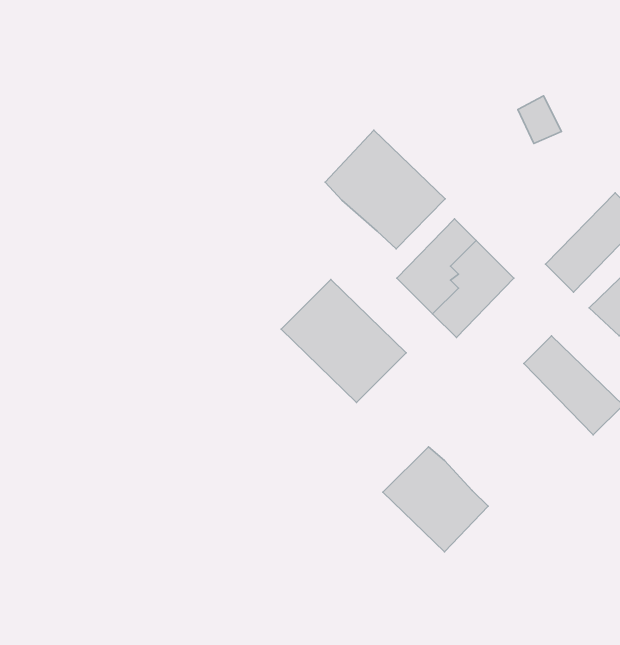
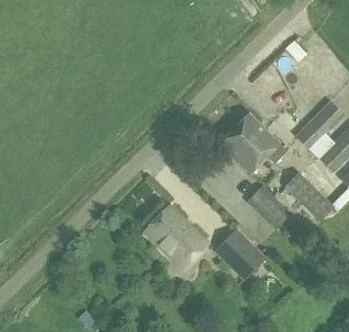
building: [325,130,445,249] -> none
building: [281,279,406,402] -> [144,207,207,269]
building: none -> [248,186,291,229]

